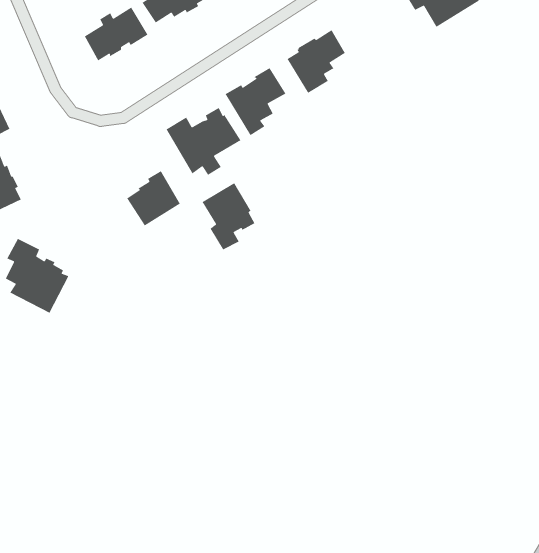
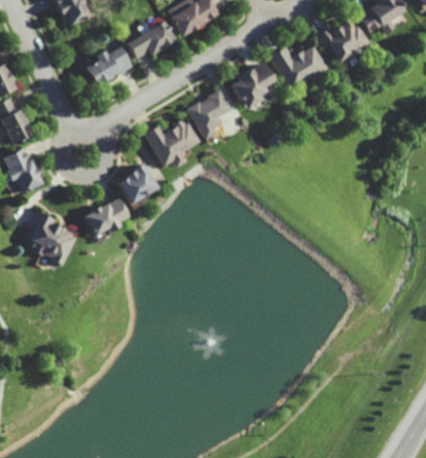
building: none -> [270,46,326,90]
building: [202,182,256,251] -> none
building: none -> [84,199,129,236]

